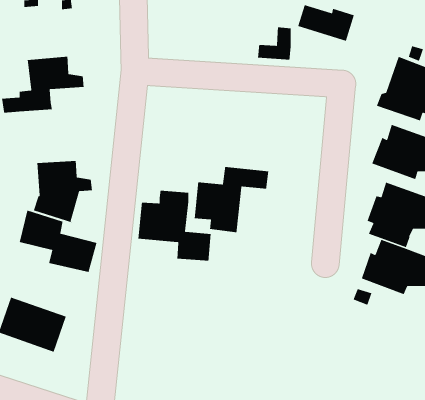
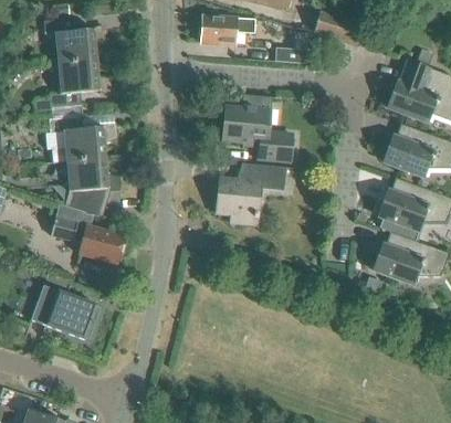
building: none -> [200,15,252,45]
building: none -> [44,17,108,62]
building: none -> [45,109,116,160]
building: [138,190,212,262] -> [222,94,292,161]

